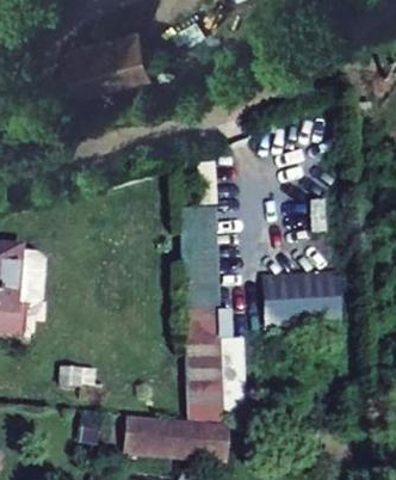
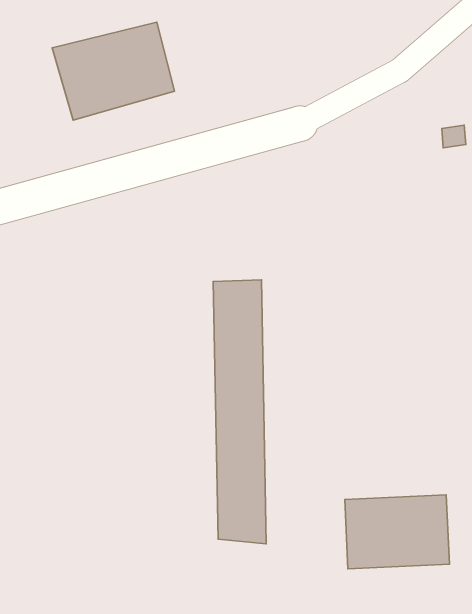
building: [265,272,342,327] -> [345,495,449,569]
building: [125,420,223,459] -> none

